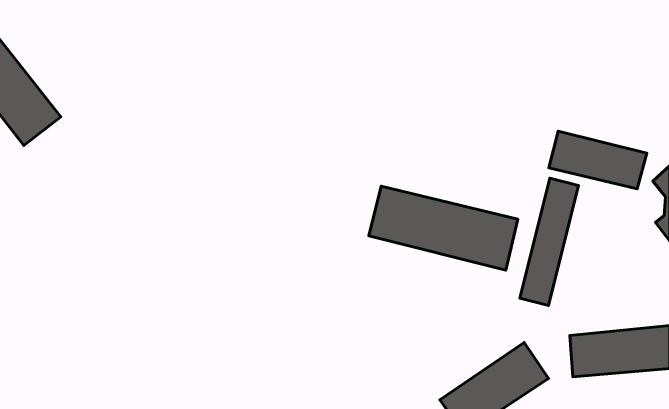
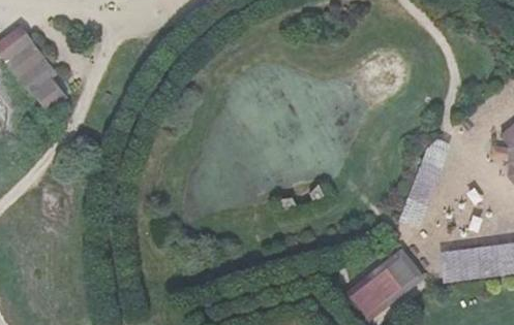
building: [549,131,647,189] -> none
building: [369,186,518,270] -> none

